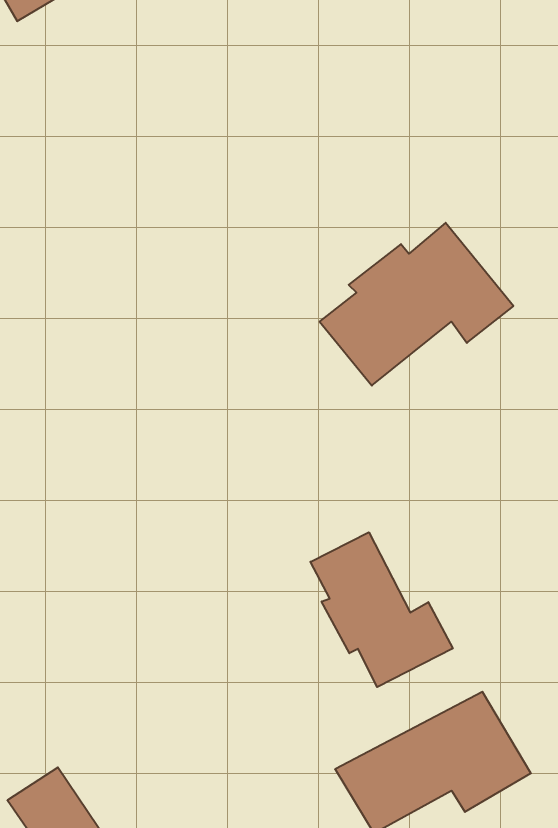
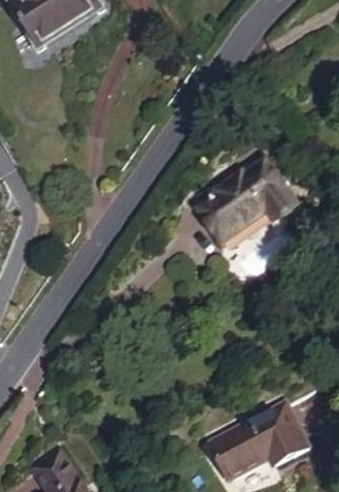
building: [310,532,453,687] -> none

